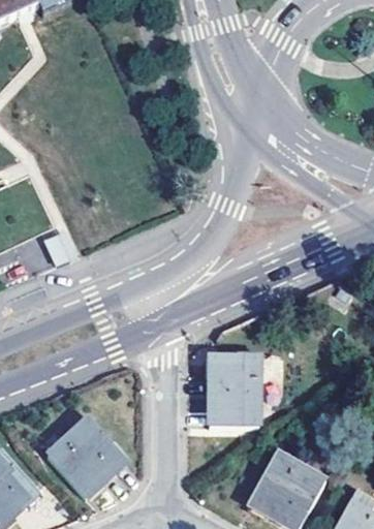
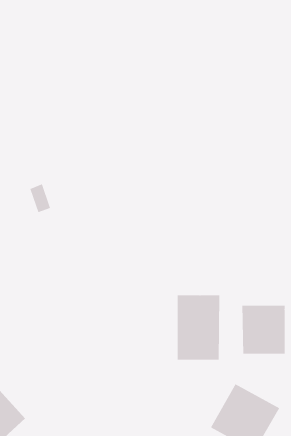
building: none -> [242,305,285,354]
building: [49,418,126,496] -> none

